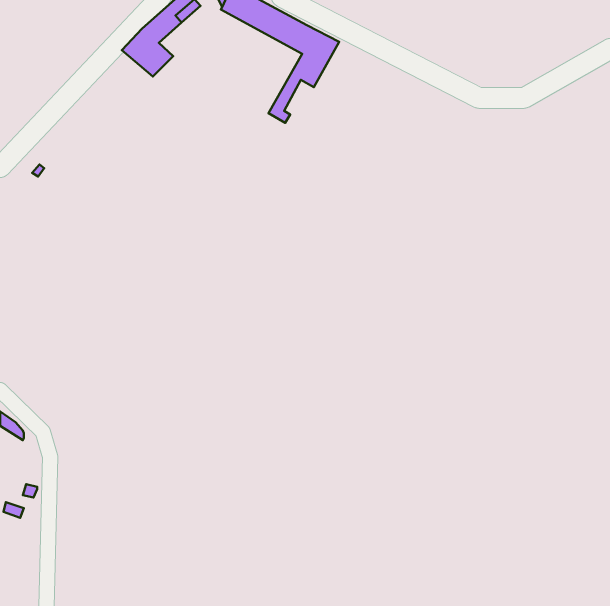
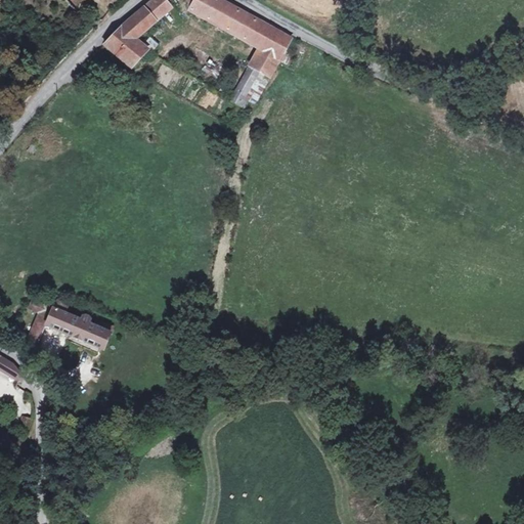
building: none -> [29,297,114,347]

